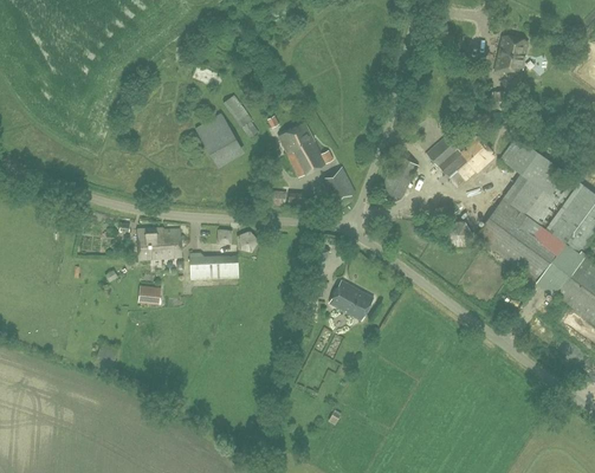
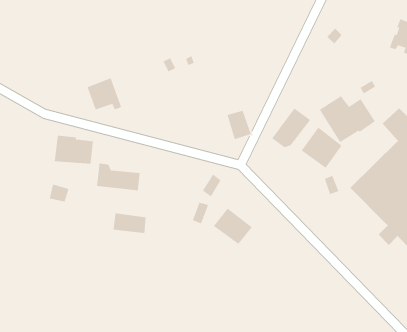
building: [195,112,239,153] -> [86,77,122,111]
building: [278,121,334,176] -> none
building: none -> [301,126,342,169]
building: none -> [113,212,147,234]

